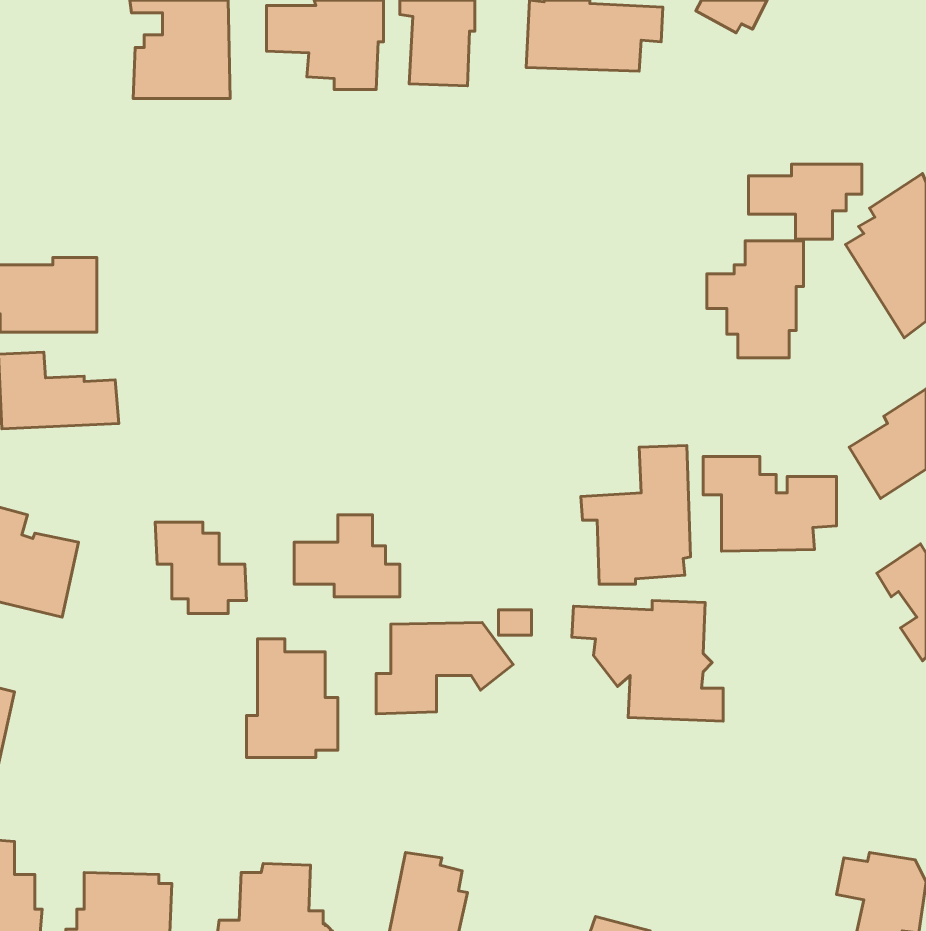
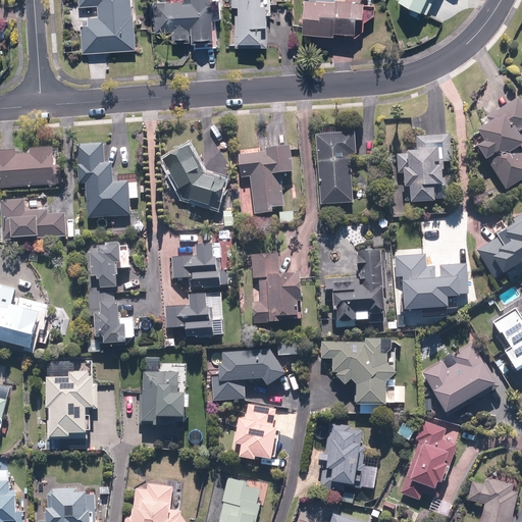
building: [749,164,862,239] -> none
building: none -> [316,133,357,204]
building: none -> [76,144,129,217]
building: none -> [238,144,294,214]
building: none -> [161,146,225,205]
building: none -> [87,242,128,293]
building: none -> [170,244,227,289]
building: none -> [251,253,306,322]
building: none -> [422,341,498,413]
building: none -> [46,365,96,438]
building: none -> [238,405,278,458]
building: none -> [399,420,456,501]
building: none -> [318,422,376,490]

